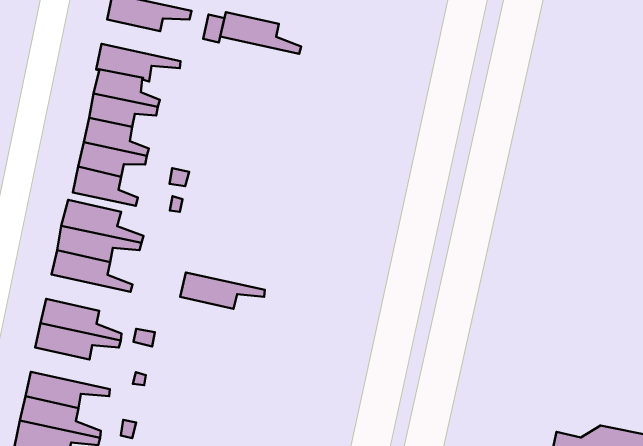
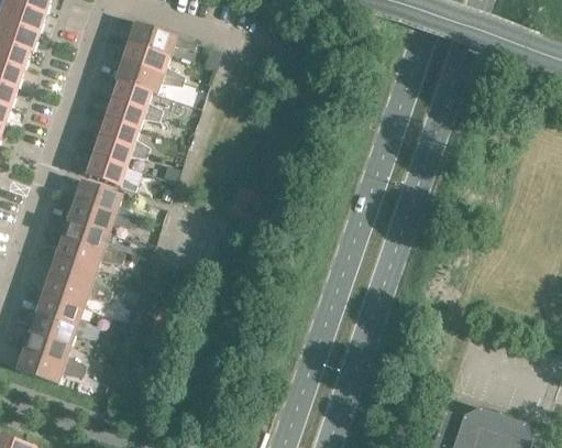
building: [220,12,301,54] -> [121,41,184,80]
building: [180,272,265,309] -> [54,237,121,270]
building: none -> [35,293,98,332]

